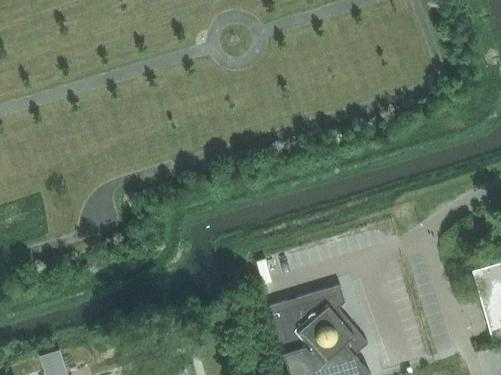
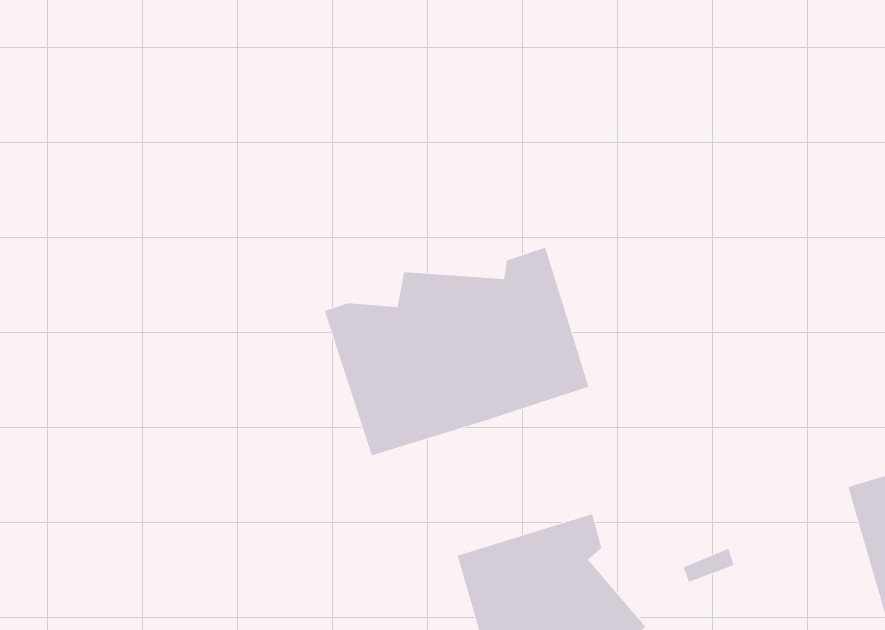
building: none -> [324,247,589,456]

